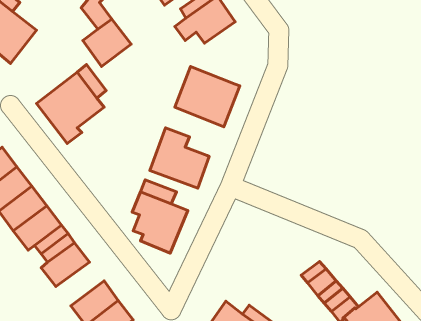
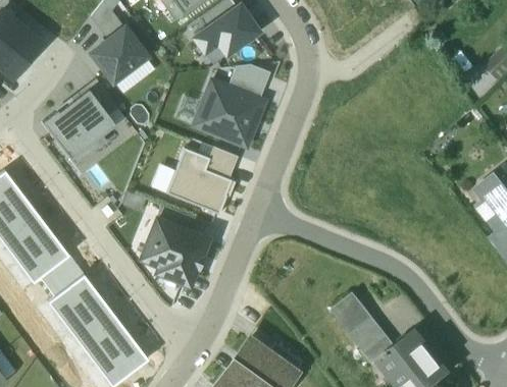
building: none -> [229,66,270,101]
building: none -> [205,149,238,179]
building: none -> [63,296,116,344]

